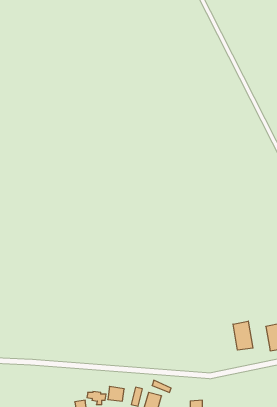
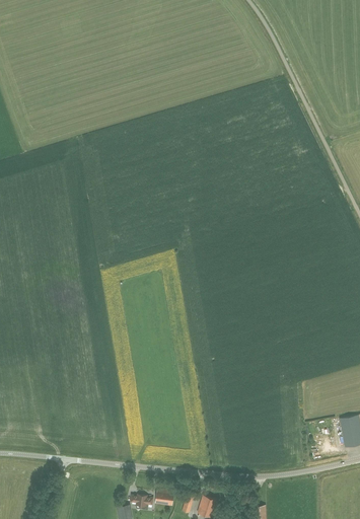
building: [233,321,253,350] -> none

